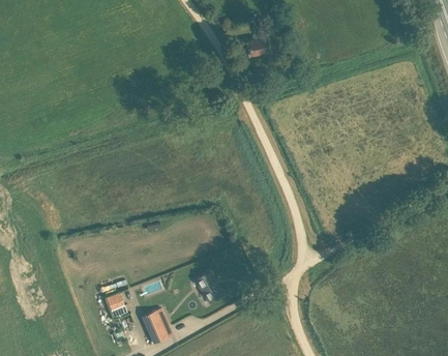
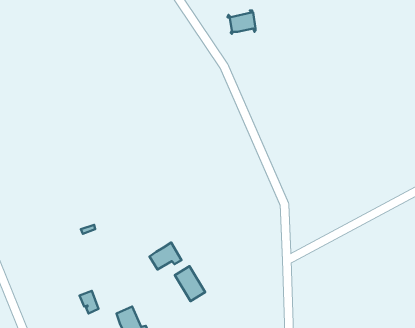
building: none -> [150,243,182,269]

